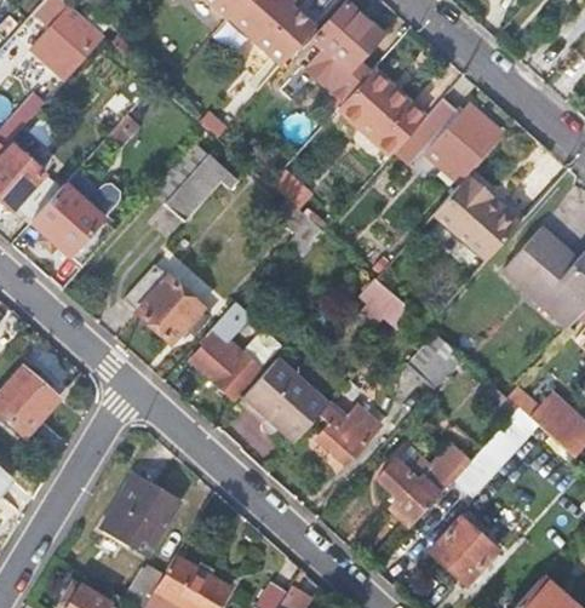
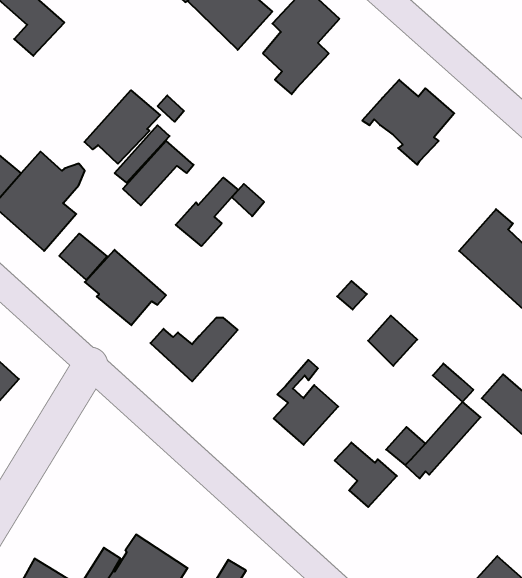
building: [339,65,426,150] -> none
building: none -> [84,90,160,164]
building: [434,177,521,258] -> none
building: none -> [176,178,238,246]
building: none -> [59,234,107,280]
building: [242,359,328,443] -> none
building: [101,474,178,555] -> none
building: [431,518,498,584] -> none

